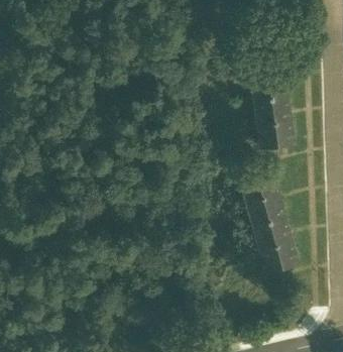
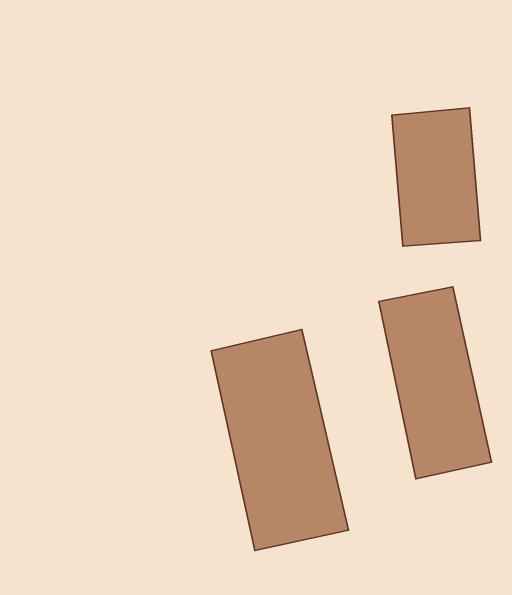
building: none -> [211,329,348,551]

